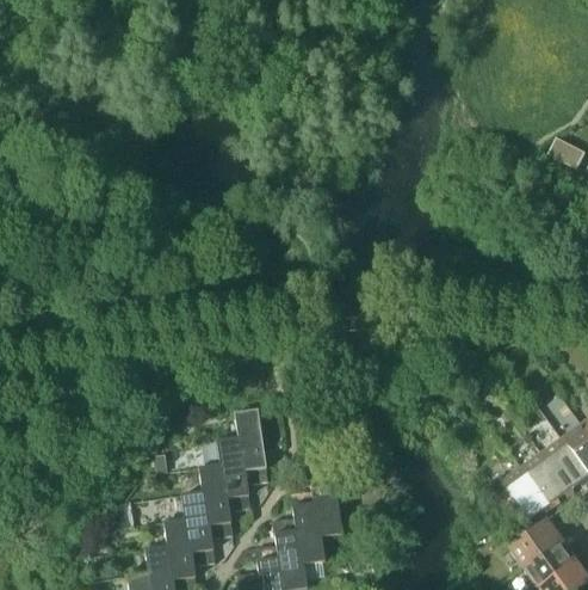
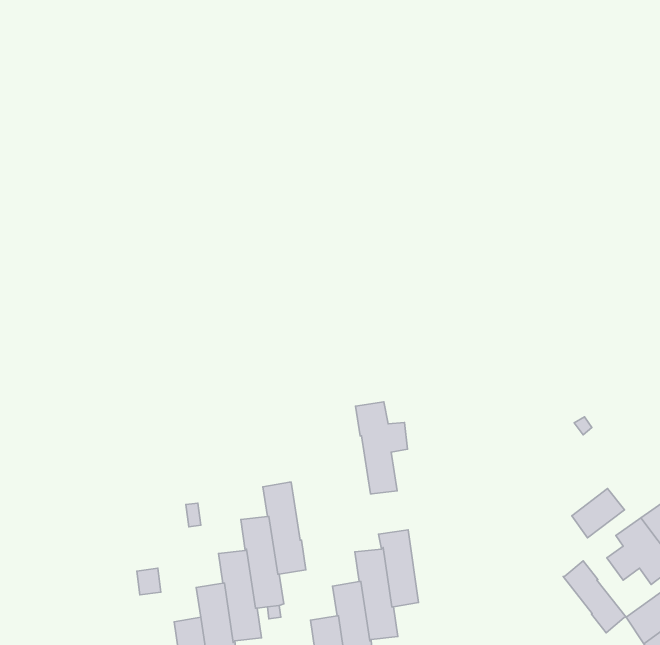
building: [235,410,277,484] -> [356,402,407,494]
building: none -> [572,489,625,538]
building: none -> [563,561,626,633]

